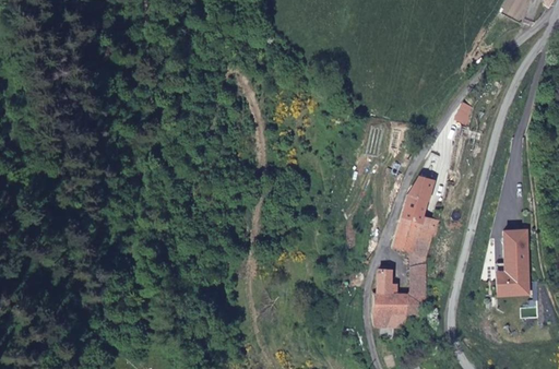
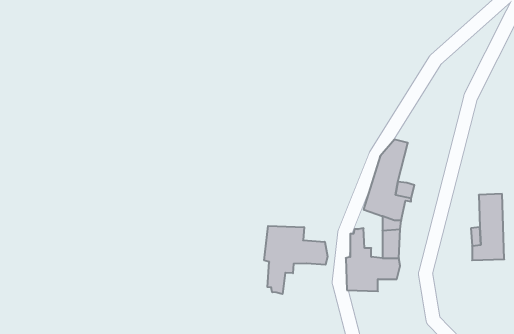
building: none -> [264,226,328,294]

